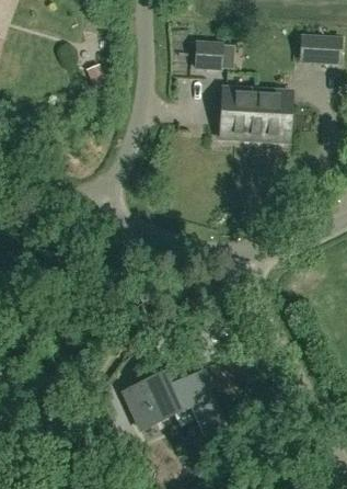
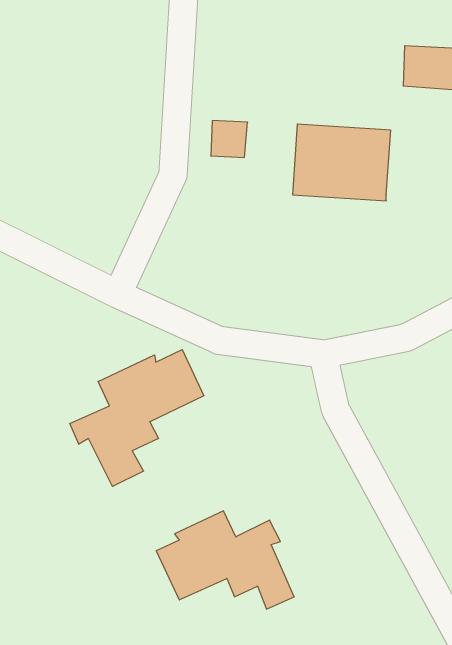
building: [195,44,221,70] -> [211,121,248,157]
building: none -> [70,350,204,486]

